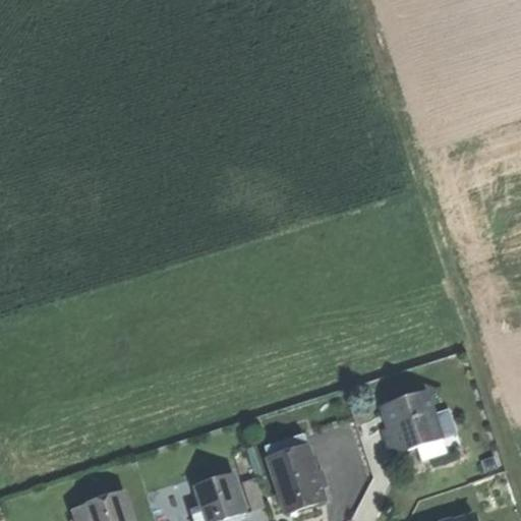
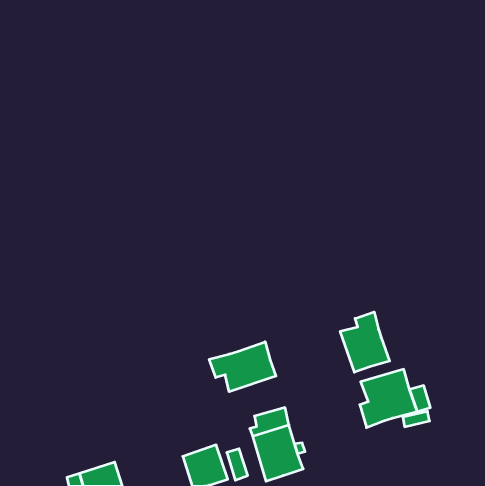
building: none -> [340,312,390,372]
building: none -> [209,342,276,392]

